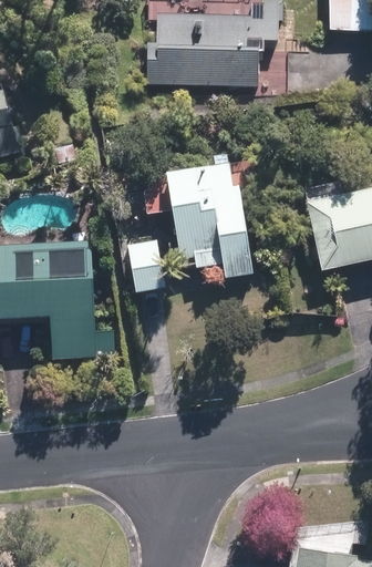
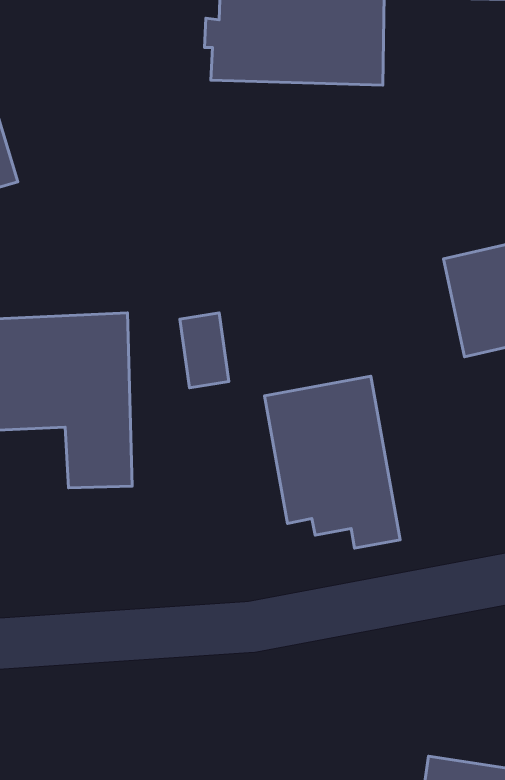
building: [162,161,254,277] -> [264,376,400,548]

